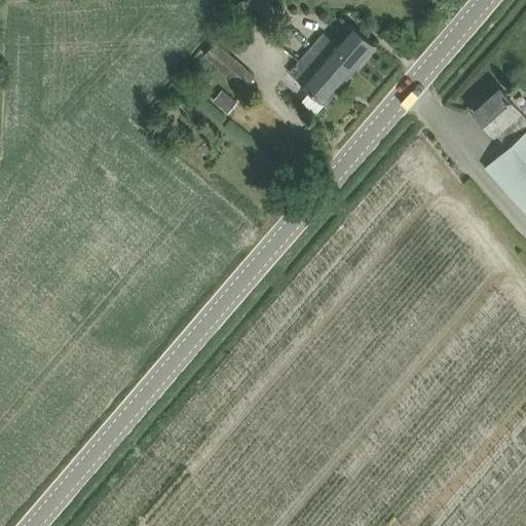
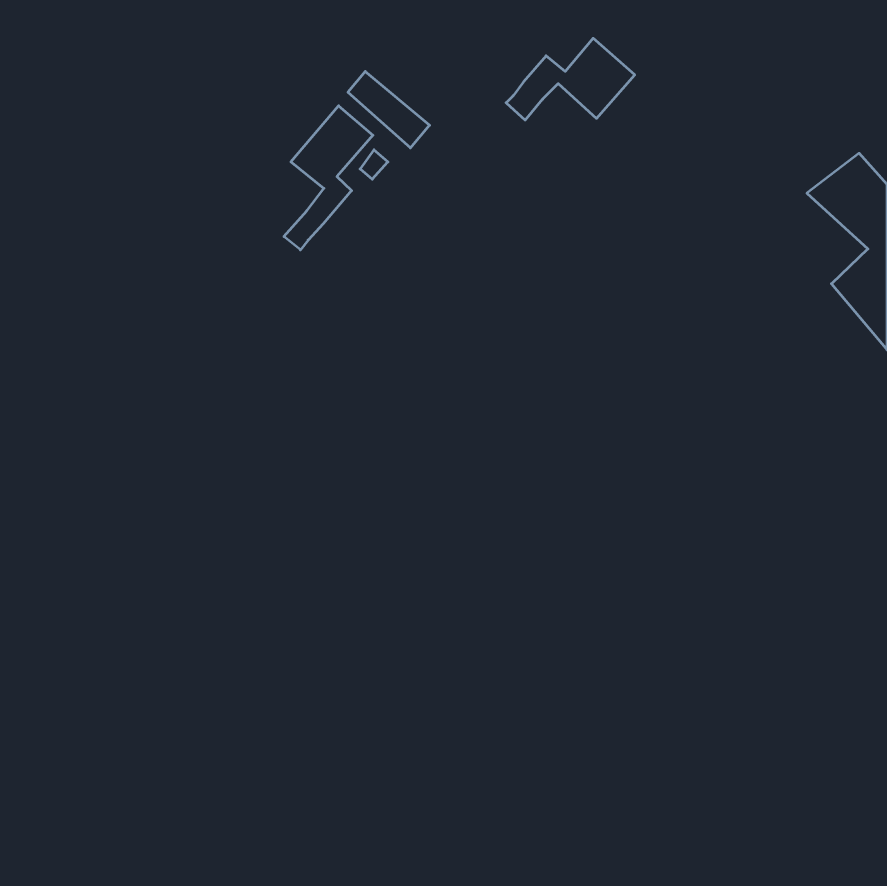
building: [290,51,352,105] -> none
building: none -> [284,106,373,250]

